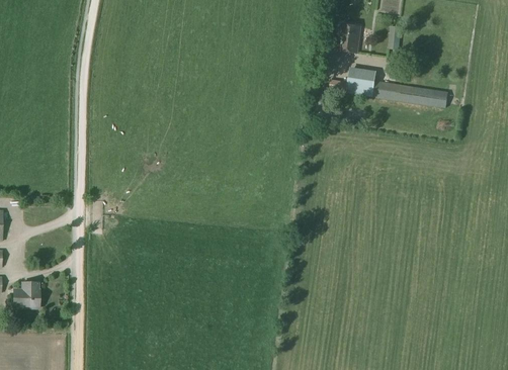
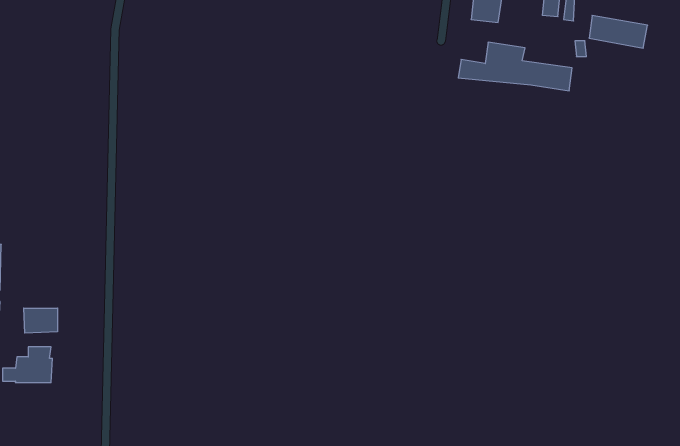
building: [407,85,448,108] -> [589,15,648,48]
building: none -> [24,308,58,333]

